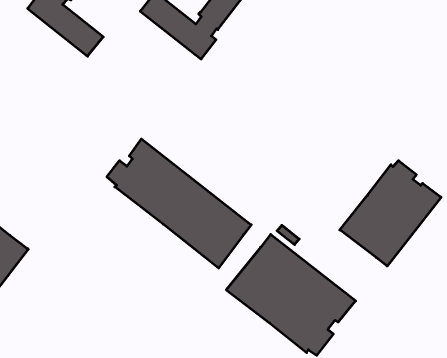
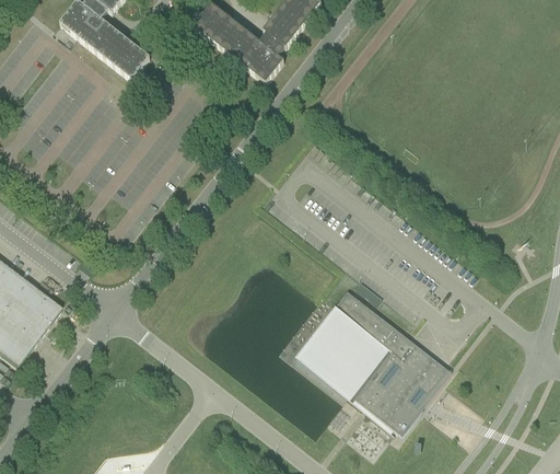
building: [107,139,251,268] -> none
building: [340,161,441,266] -> none

